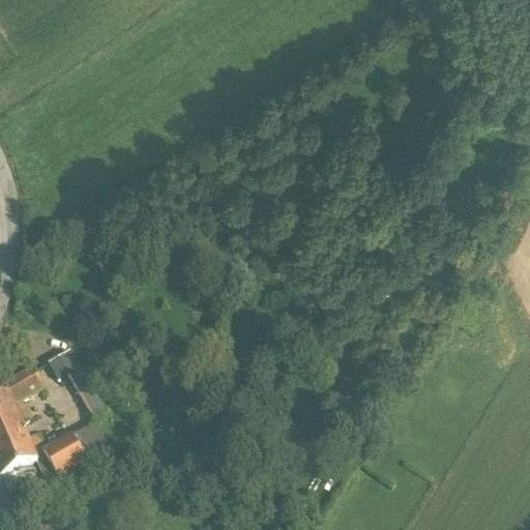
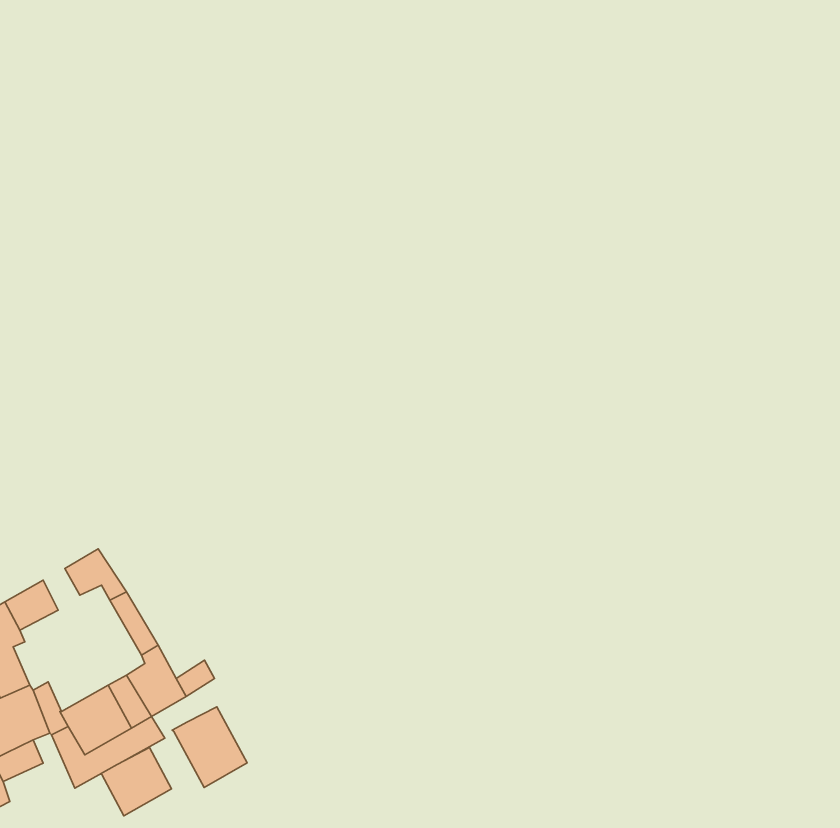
building: none -> [172,707,247,788]
building: none -> [100,748,171,816]

